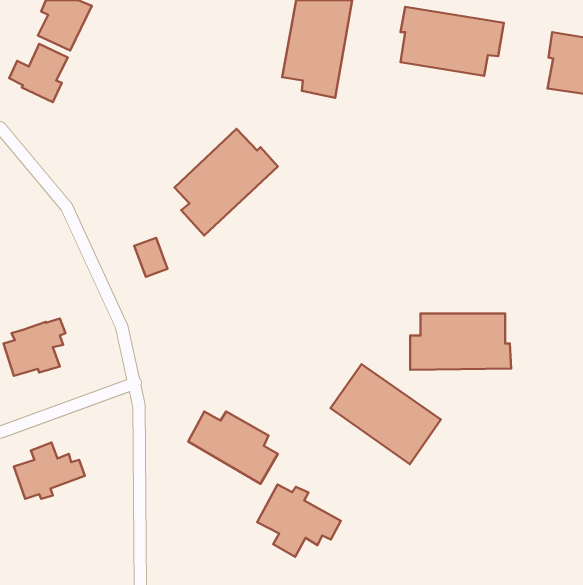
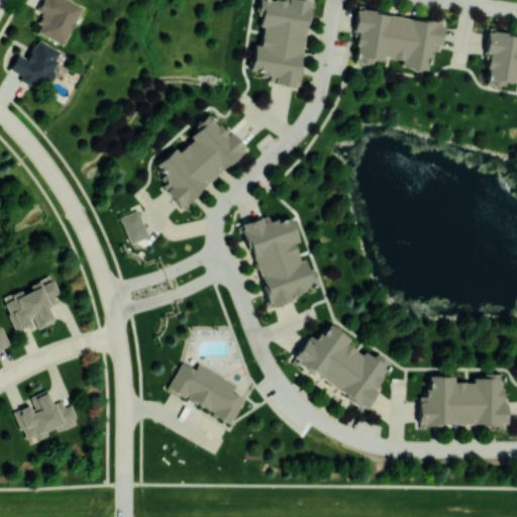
building: none -> [243,207,318,308]
building: [410,313,511,370] -> [421,380,510,429]
building: [257,484,341,557] -> none

